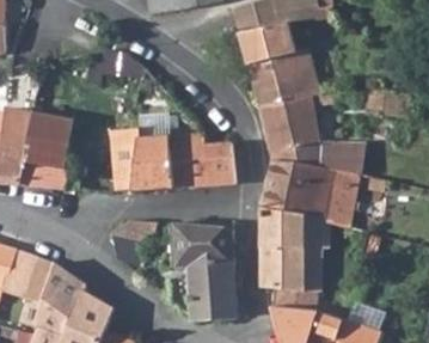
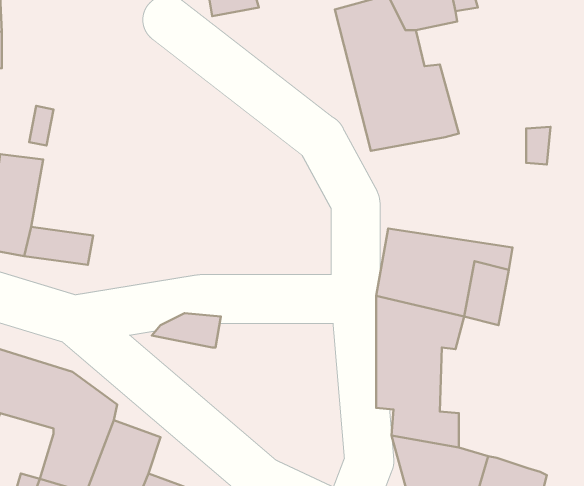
building: [259,98,360,174] -> none
building: [24,114,74,166] -> none
building: [115,128,234,190] -> none
building: [168,223,235,318] -> none

